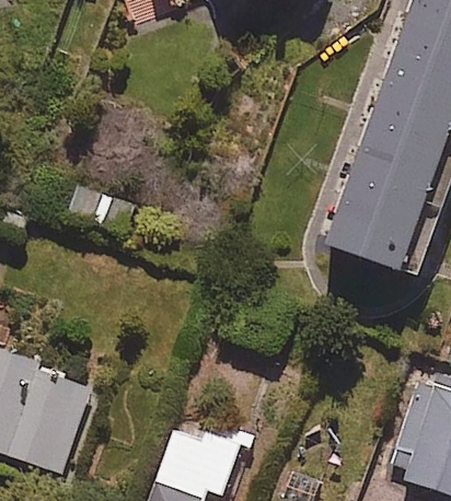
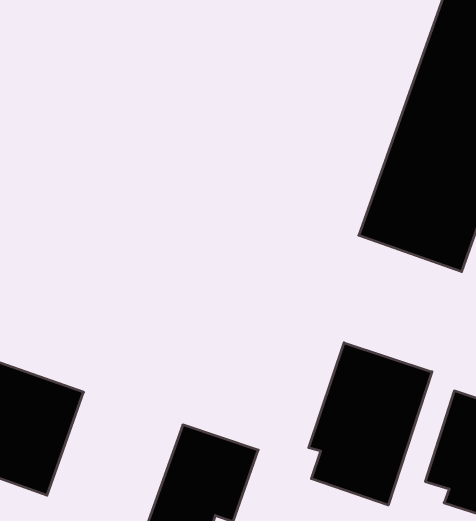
building: none -> [309,343,432,505]

